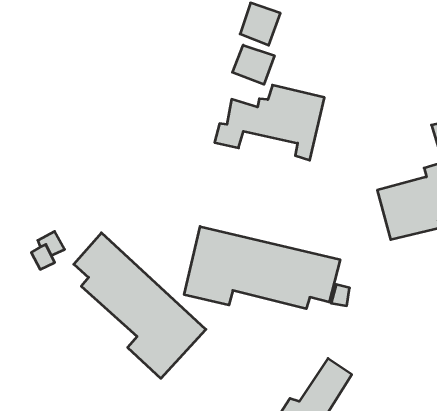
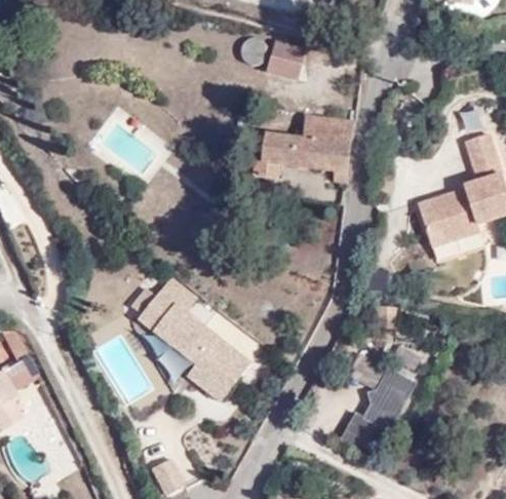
building: [232,45,274,84] -> none
building: [184,226,340,309] -> none

